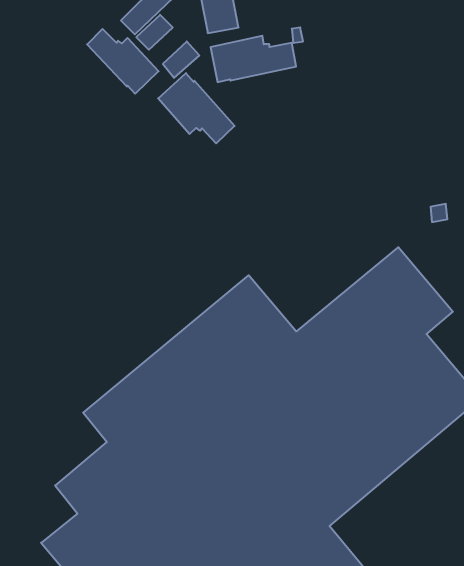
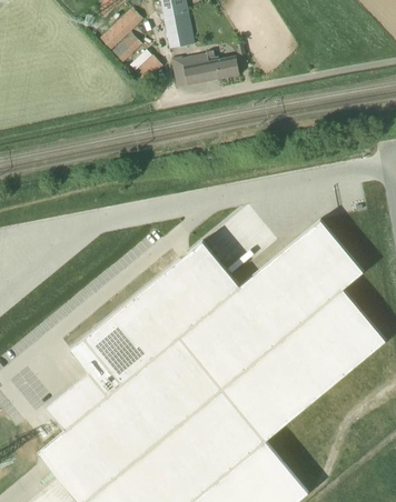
building: [87,29,159,94] -> none
building: [158,73,235,143] -> none

